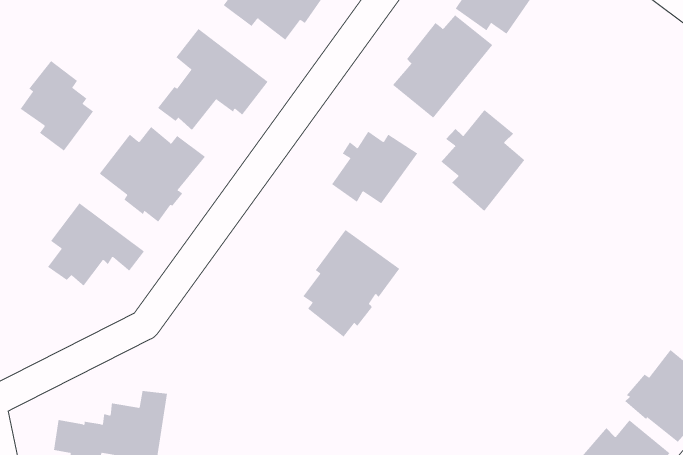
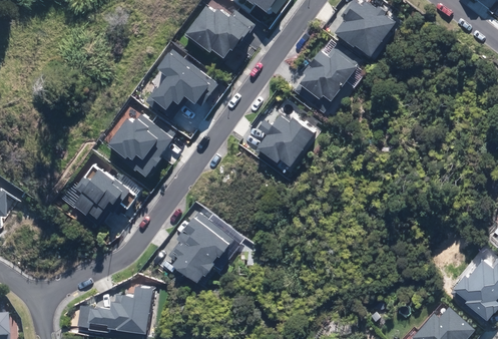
building: [20,60,94,152] -> none
building: [440,109,525,212] -> none
building: [303,229,400,338] -> [168,212,232,283]

